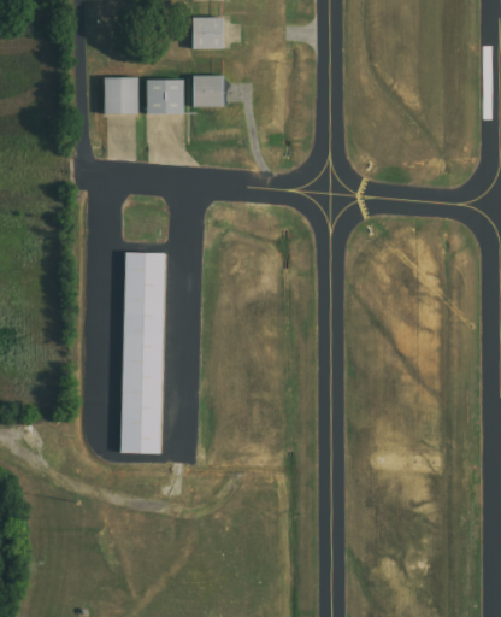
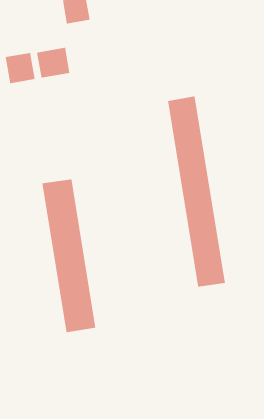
building: [193,76,225,107] -> none
building: none -> [167,95,225,287]

